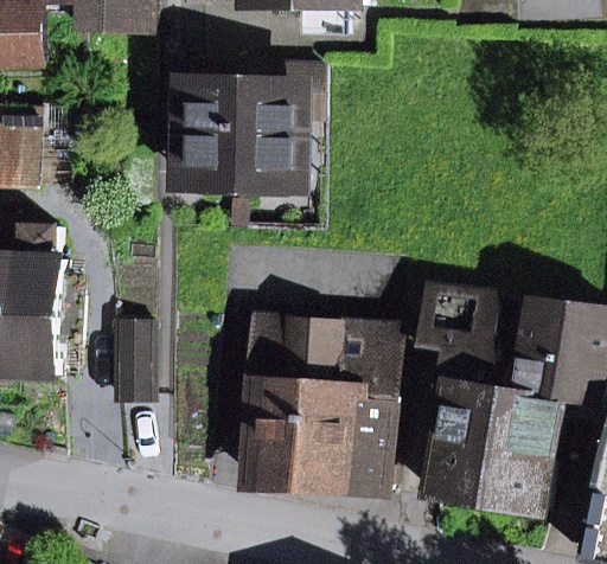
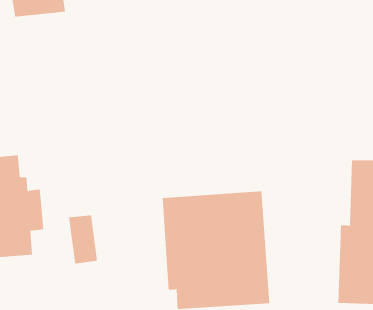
building: [179,64,321,185] -> none
building: [418,290,506,507] -> none

